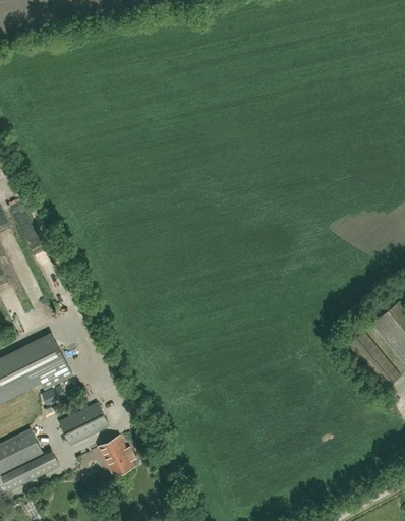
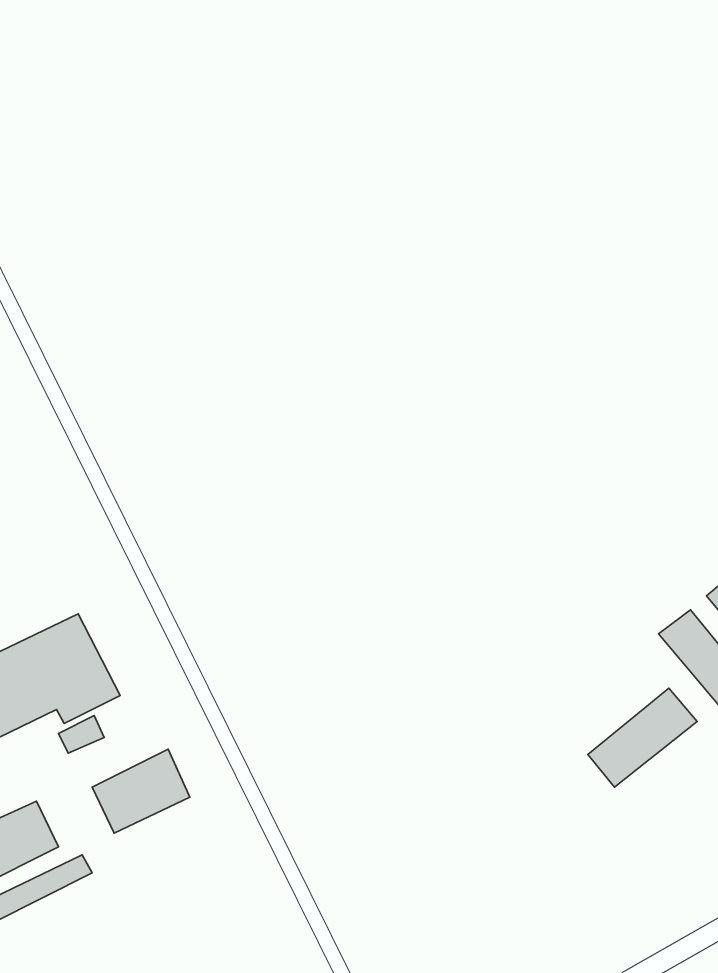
building: none -> [588,688,697,787]
building: [98,436,135,476] -> none

